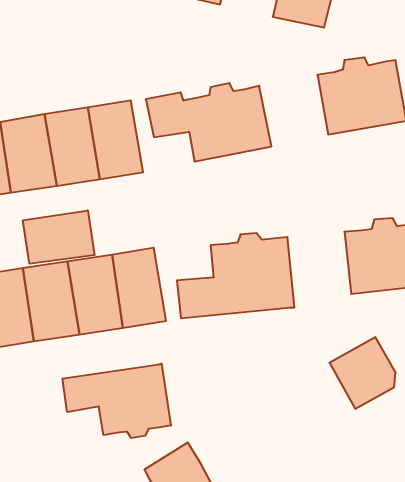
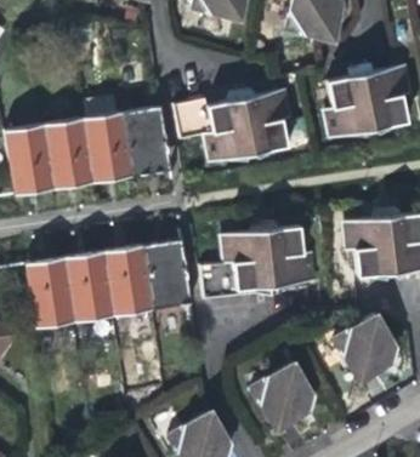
building: [23,210,95,264] -> none
building: [63,364,171,438] -> none
building: none -> [254,365,314,432]

